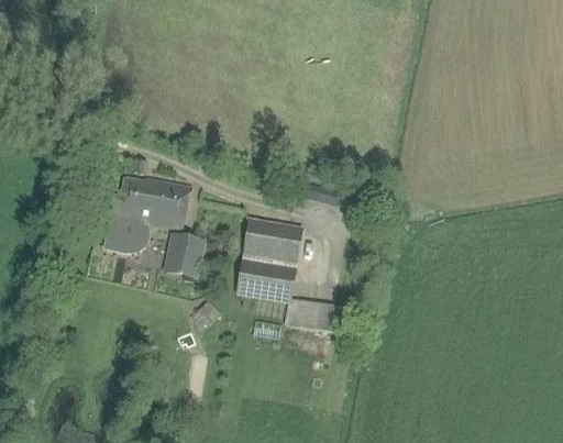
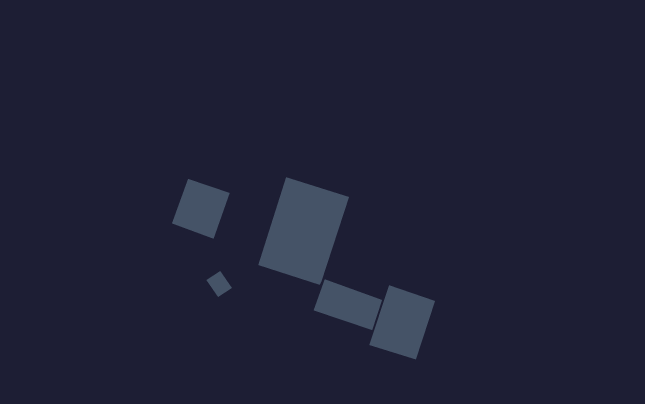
building: [102,176,189,252] -> none
building: none -> [368,284,436,360]

